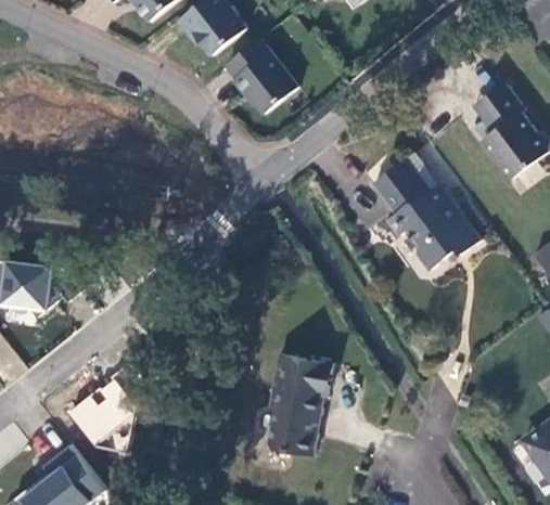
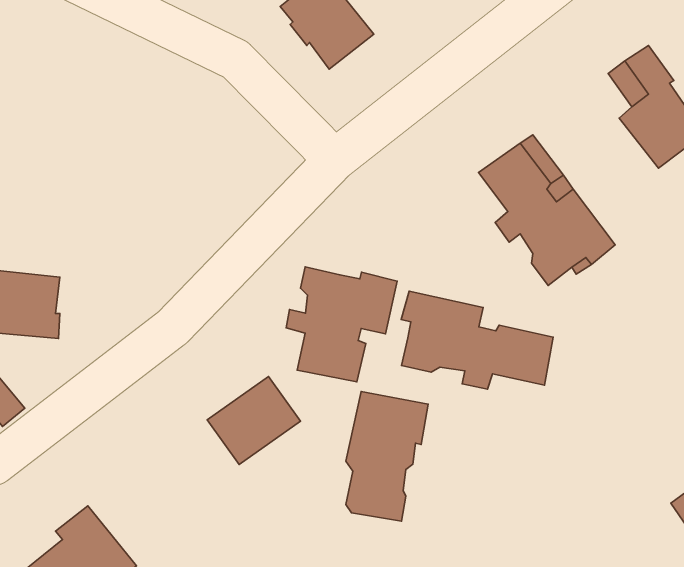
building: none -> [286,267,397,382]
building: none -> [401,291,553,389]
building: [63,378,136,446] -> [207,376,301,464]

